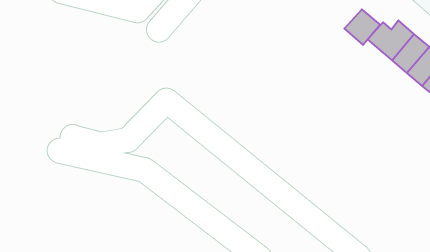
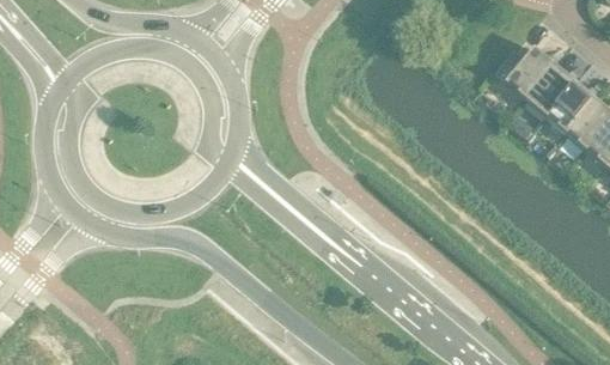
building: [344,9,380,45] -> none

